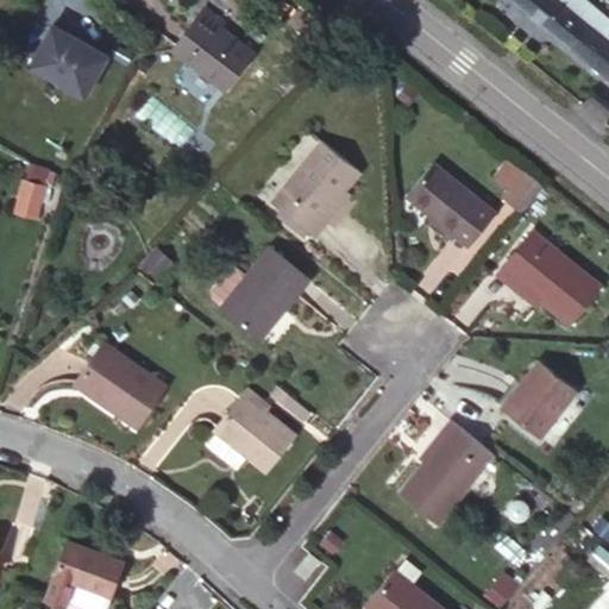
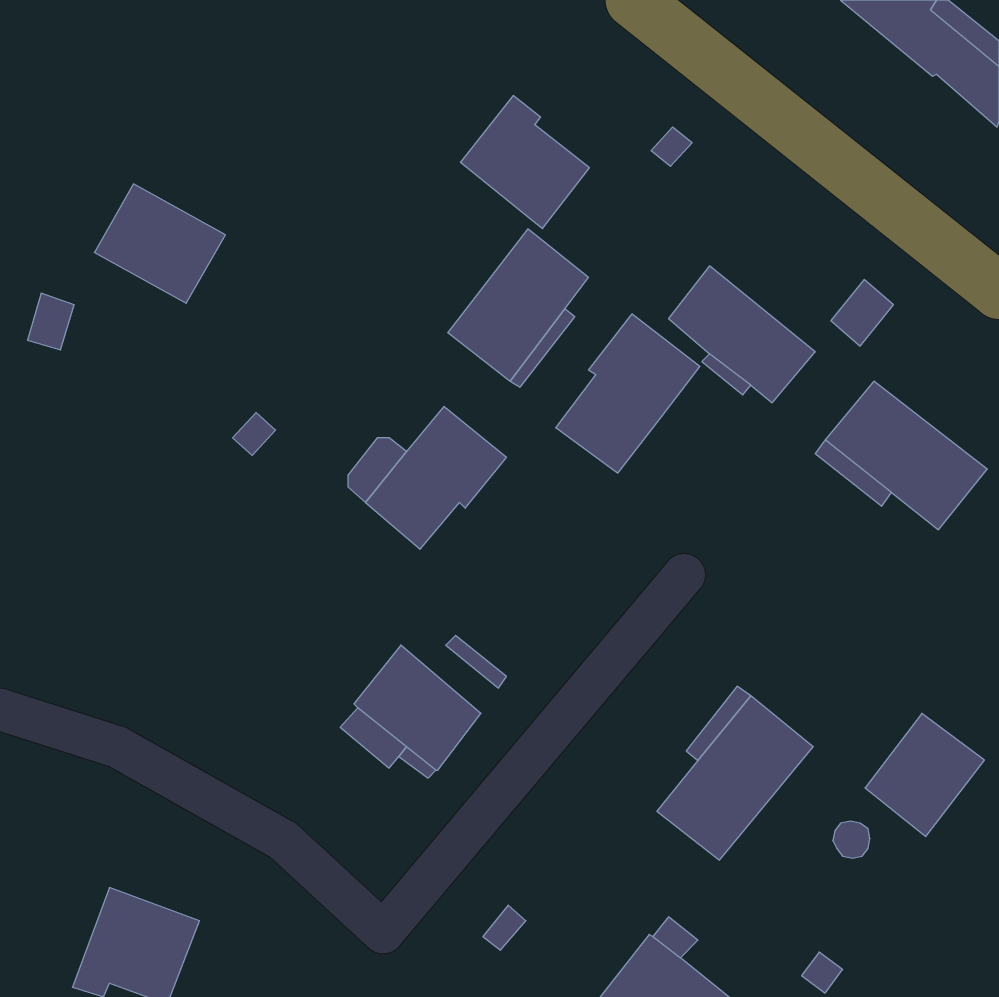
building: [174,10,252,90] -> [460,96,589,229]
building: [29,24,108,96] -> [94,184,225,303]
building: none -> [556,314,700,473]
building: [75,344,165,427] -> none
building: [503,362,576,437] -> [865,713,984,837]

